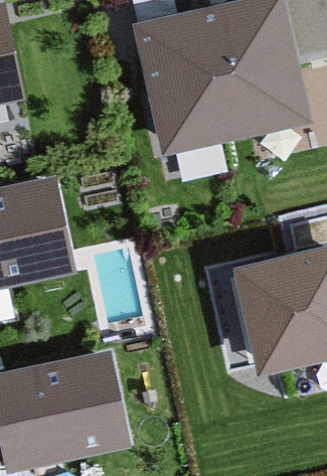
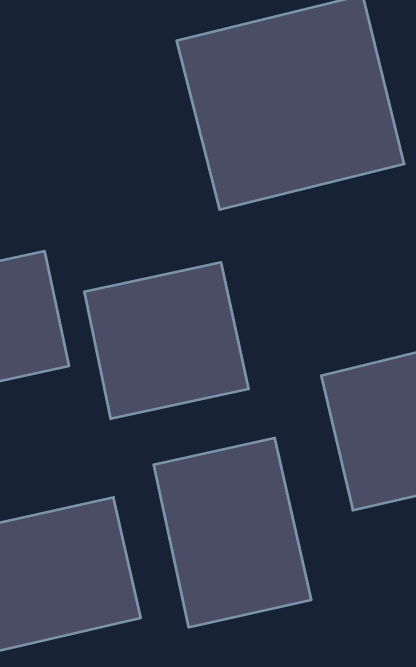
building: none -> [84,262,249,419]
building: none -> [154,438,311,627]

